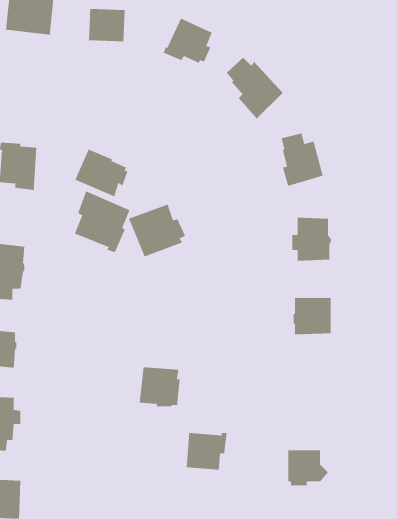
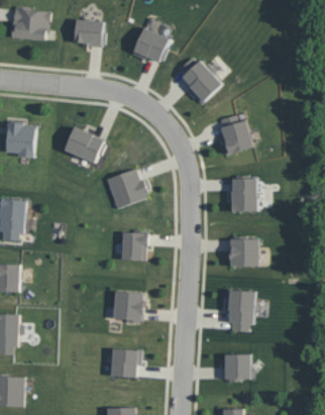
building: [74,191,130,253] -> none
building: none -> [120,231,147,260]
building: none -> [224,289,255,331]
building: [186,433,227,470] -> [110,348,141,377]

